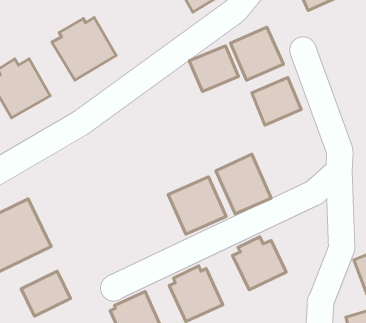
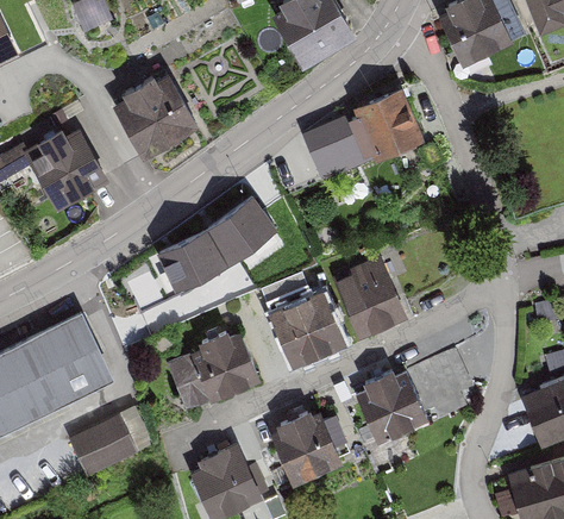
building: [252,77,301,125] -> none
building: none -> [155,204,275,300]
building: none -> [167,330,261,411]
building: none -> [407,351,474,420]

